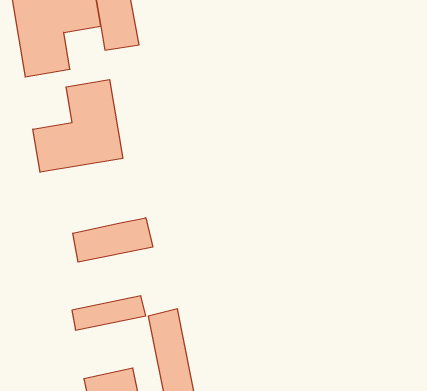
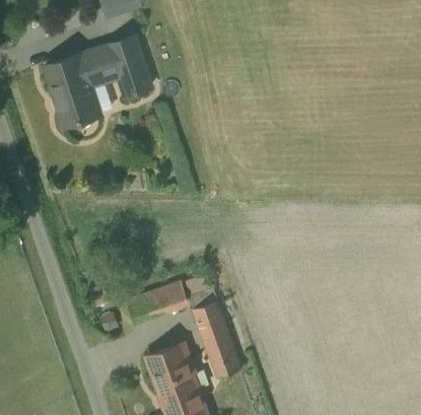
building: [33,80,123,172] -> none
building: [73,218,153,262] -> none

